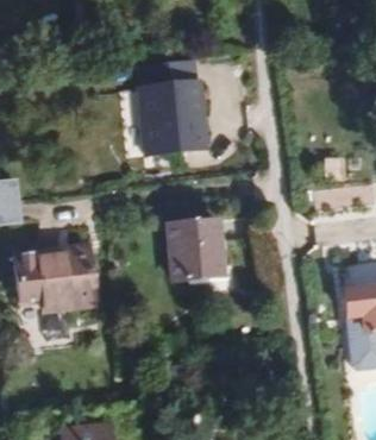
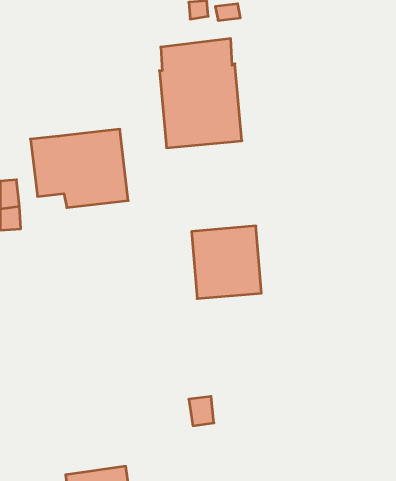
building: [13,246,96,313] -> [30,129,128,208]

